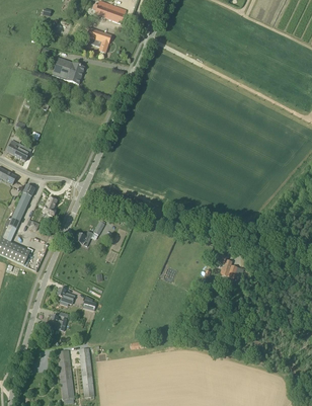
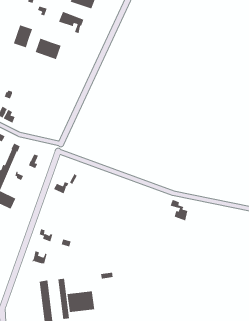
building: none -> [13,24,33,48]
building: none -> [67,290,95,313]

